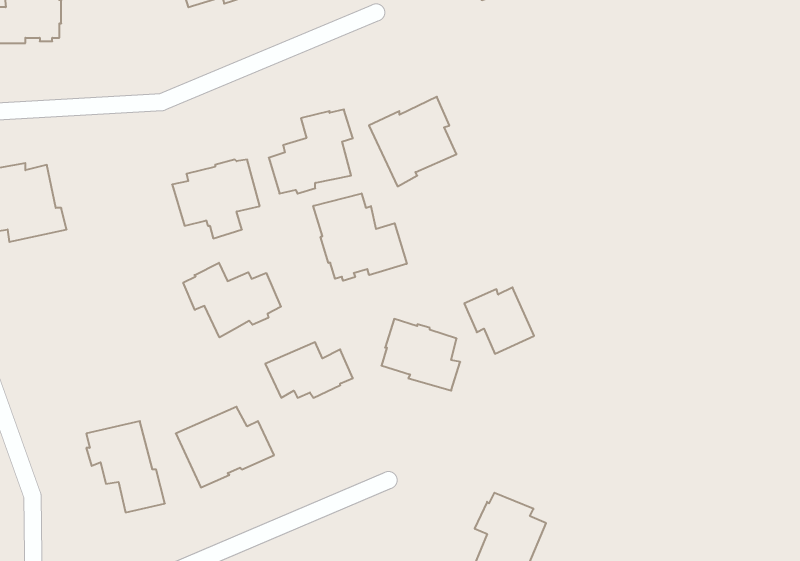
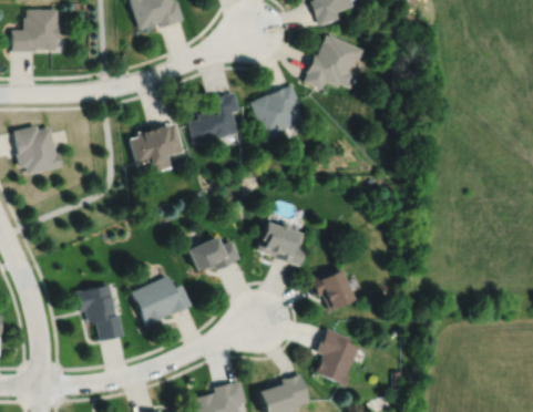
building: none -> [305,34,365,89]
building: [313,193,407,281] -> none
building: [183,263,281,337] -> none
building: [464,287,534,354] -> [311,269,355,310]

